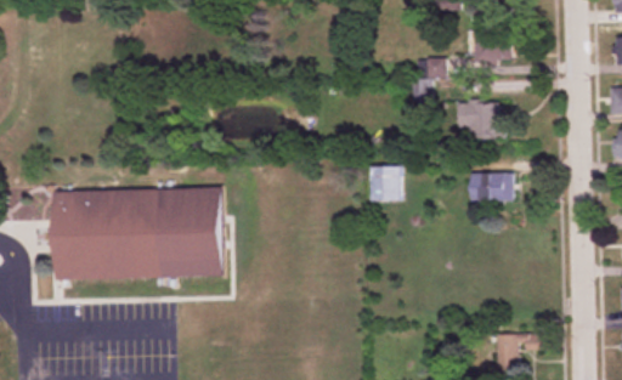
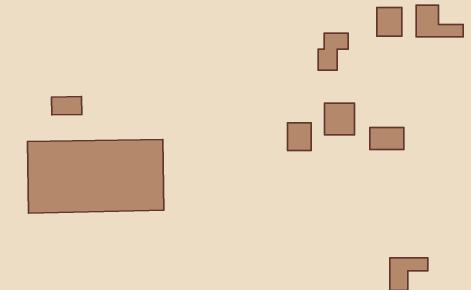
building: none -> [416,5,463,37]
building: [468,102,504,141] -> [325,103,354,135]
building: none -> [52,97,82,115]

